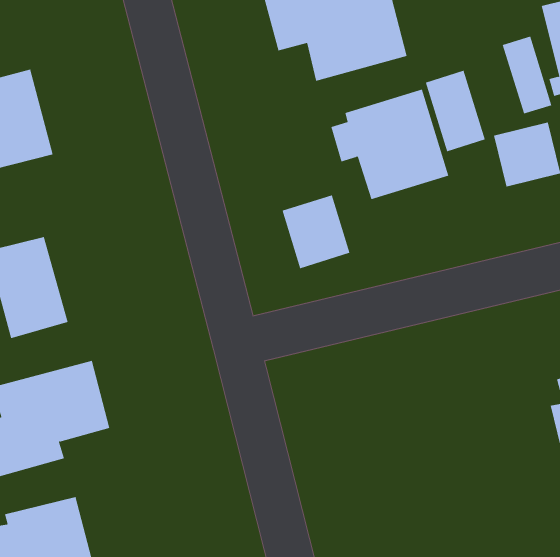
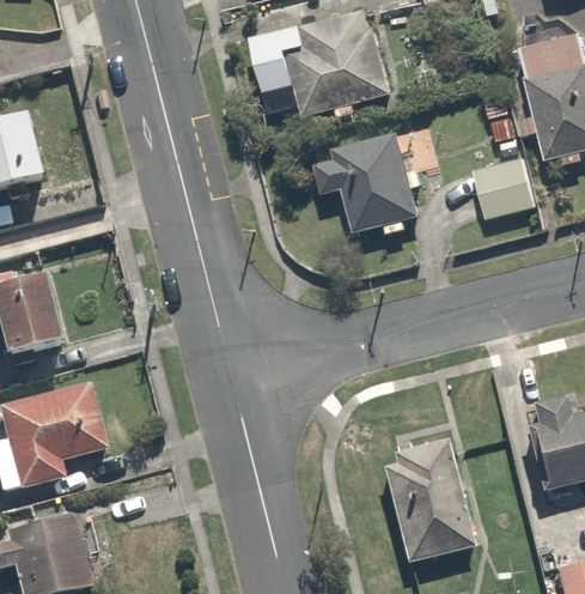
building: [425,70,485,152] -> none
building: [282,195,350,269] -> none
building: none -> [377,440,477,562]

